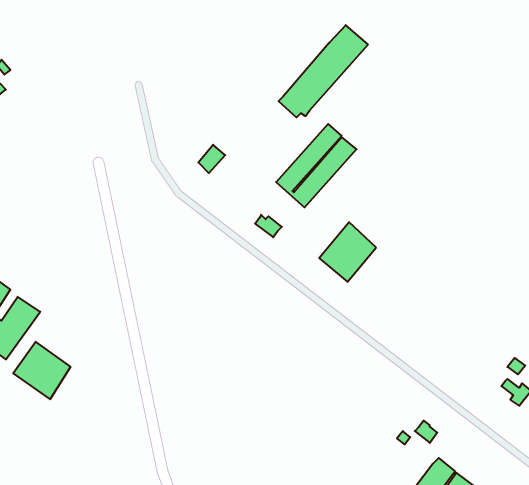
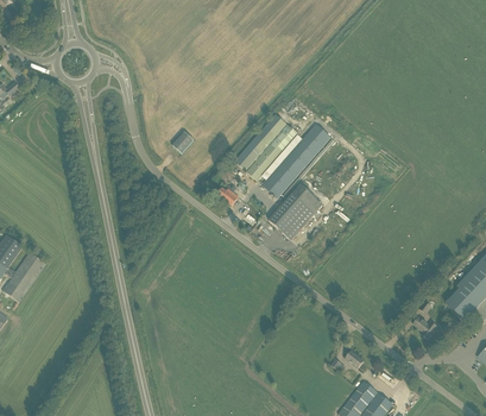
building: [279,25,368,117] -> [263,122,334,196]
building: [13,342,70,399] -> none

